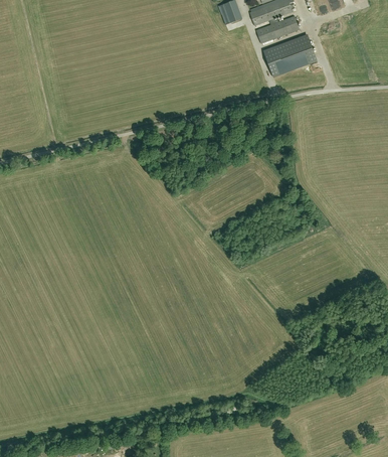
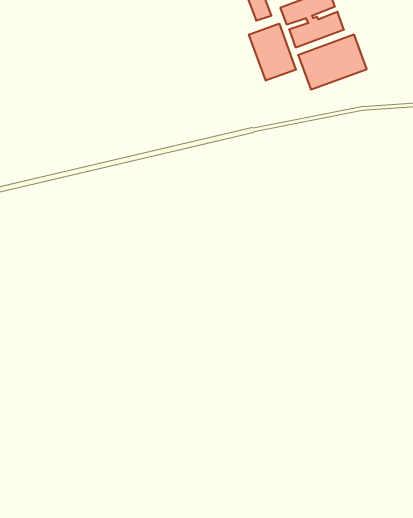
building: none -> [249,24,296,81]

